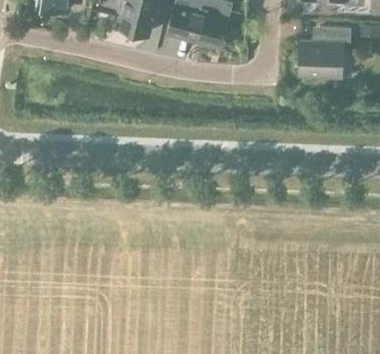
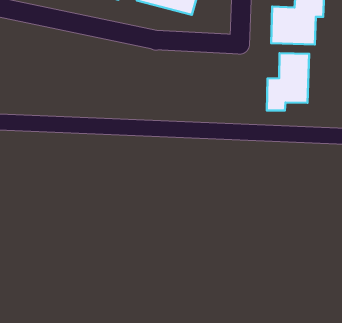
building: none -> [267,53,309,111]

